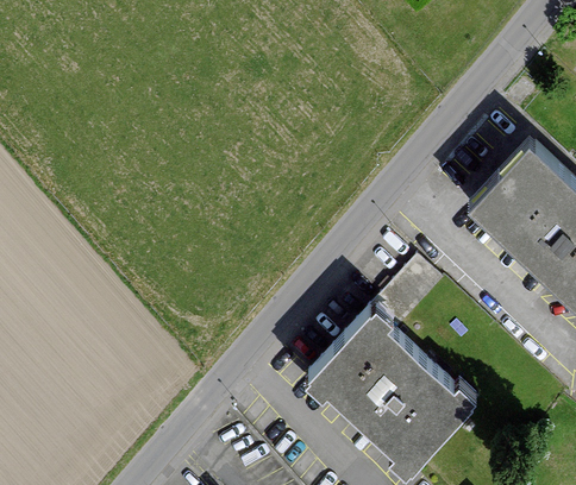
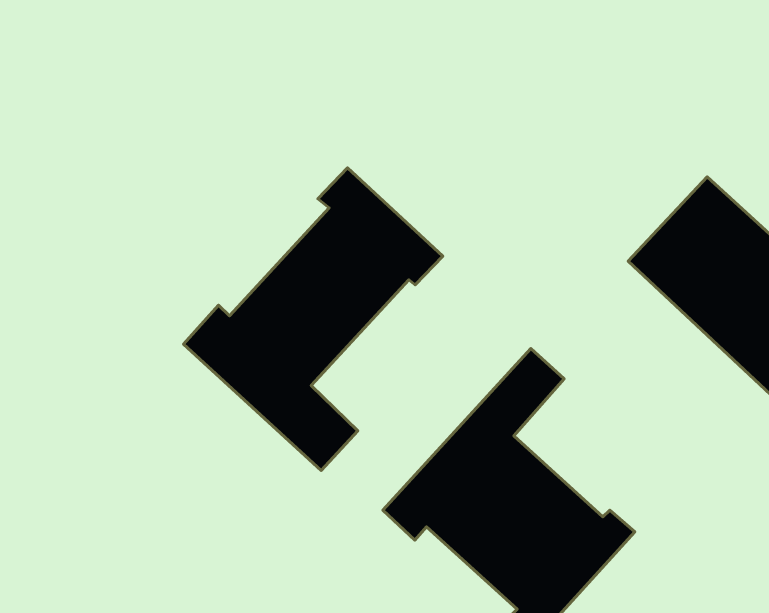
building: none -> [183,168,443,471]

